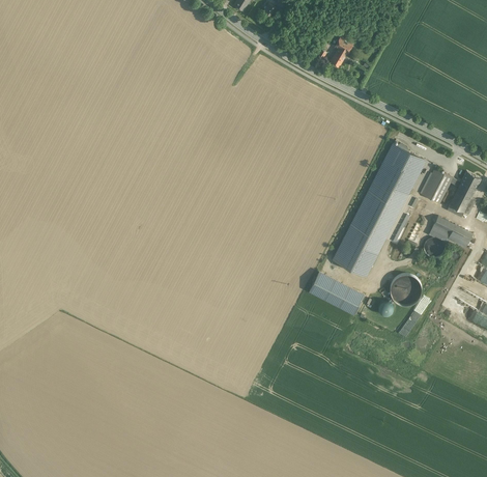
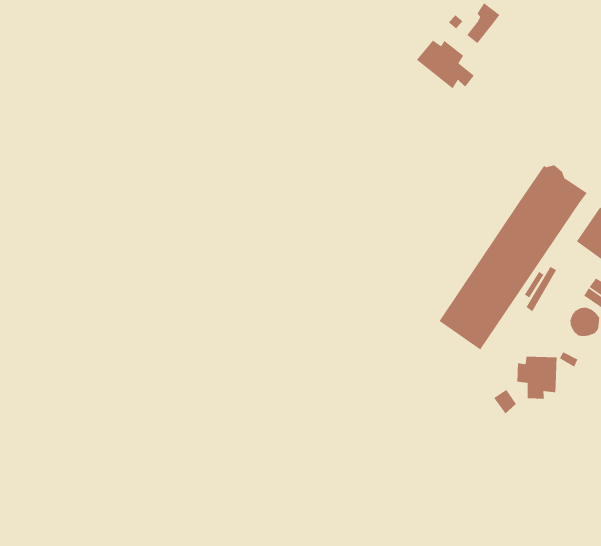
building: none -> [416,39,475,89]
building: [309,272,365,314] -> none

